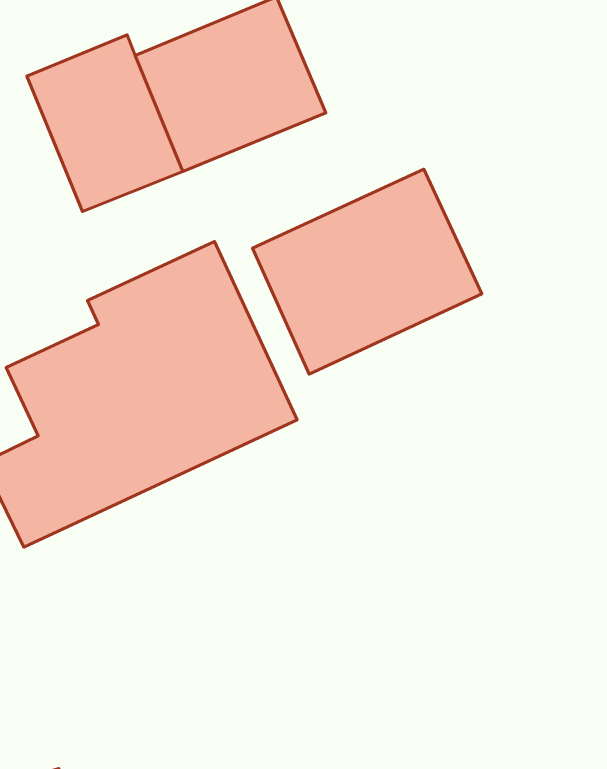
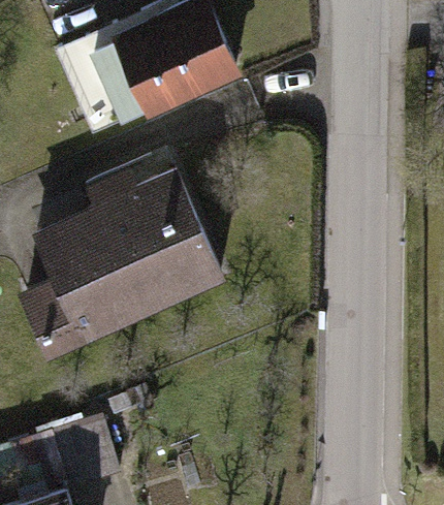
building: [253,169,482,374] -> none
building: none -> [36,418,115,487]

